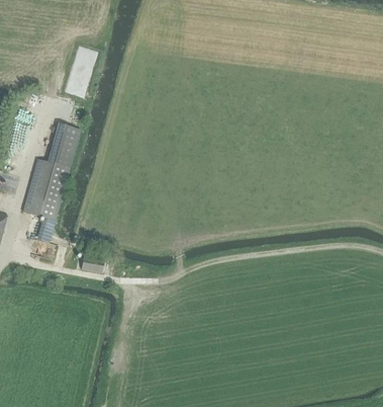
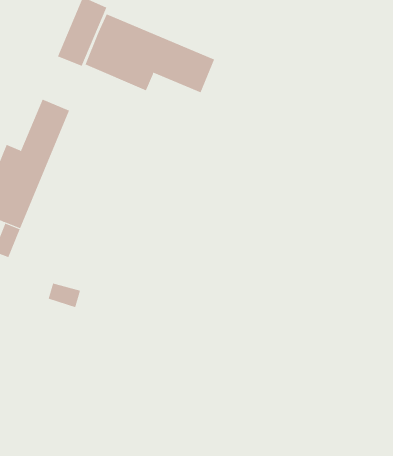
building: none -> [85,13,215,93]

